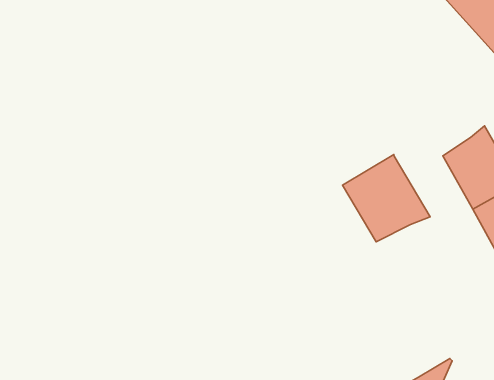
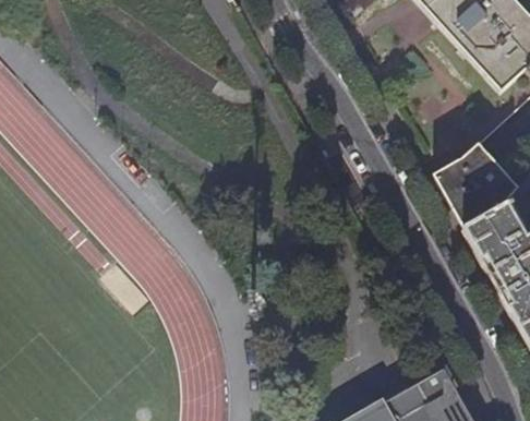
building: [342,154,430,242] -> none

